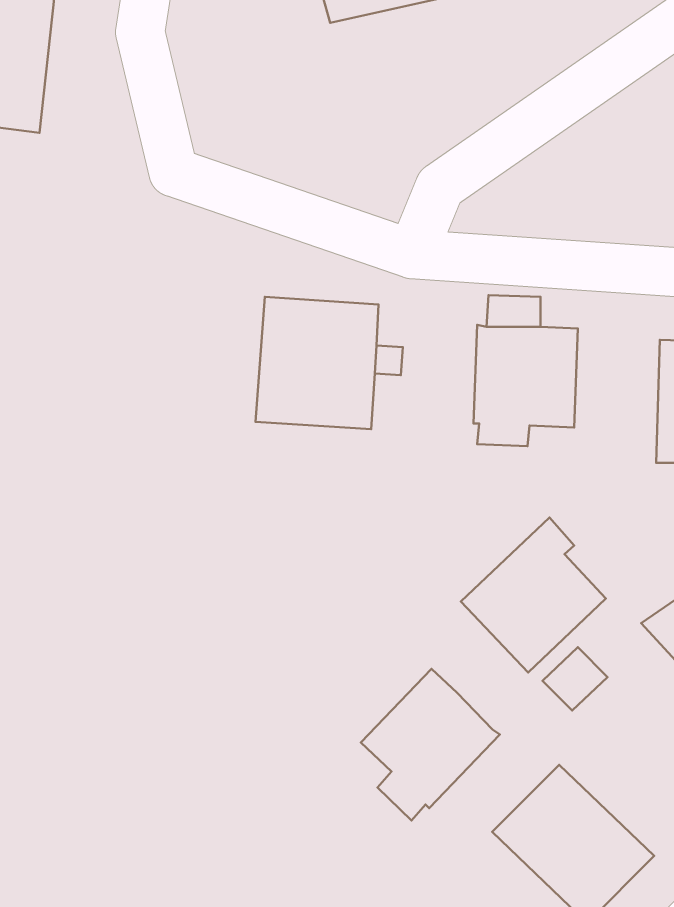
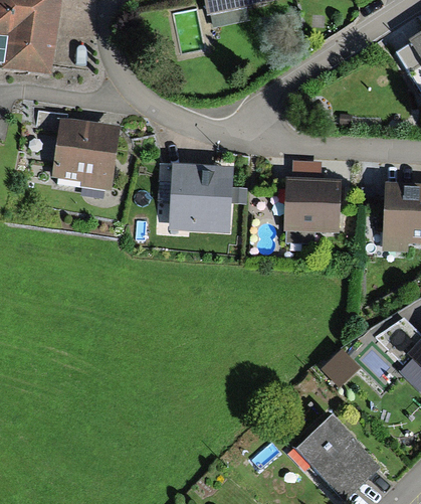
building: none -> [35,112,120,190]
building: [461,518,606,672] -> none
building: [361,669,500,820] -> none

